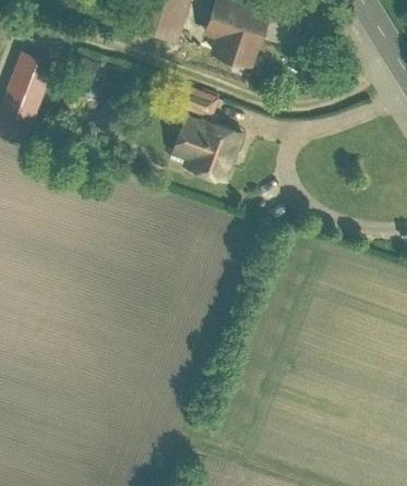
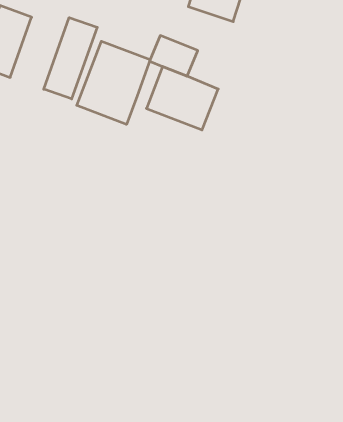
building: none -> [44,18,97,99]
building: none -> [77,41,150,124]

